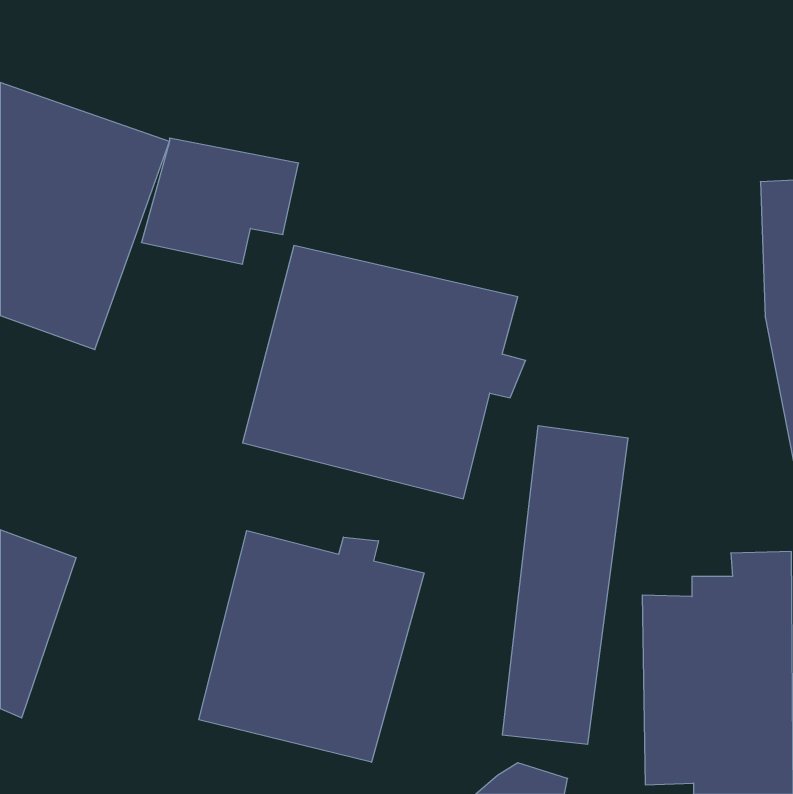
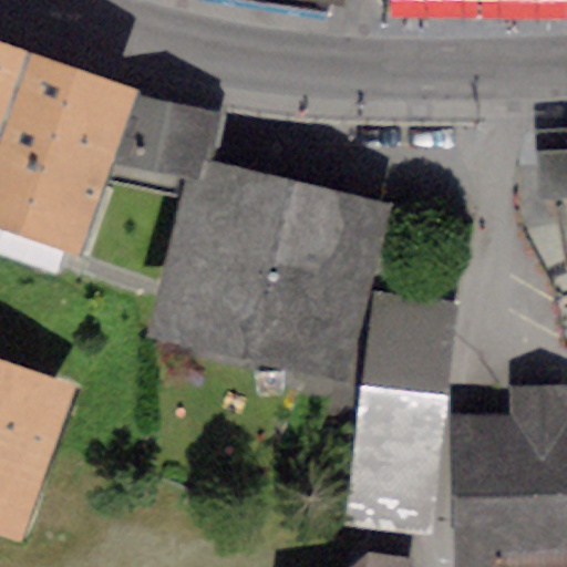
building: [199,531,424,762] -> none

